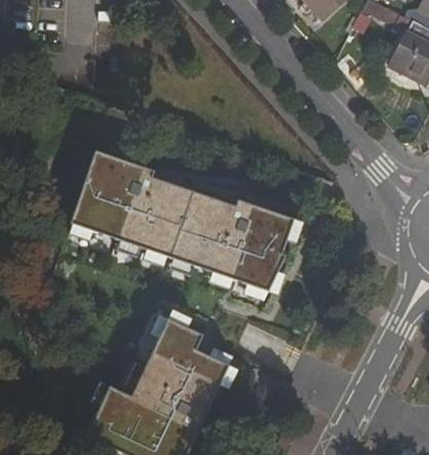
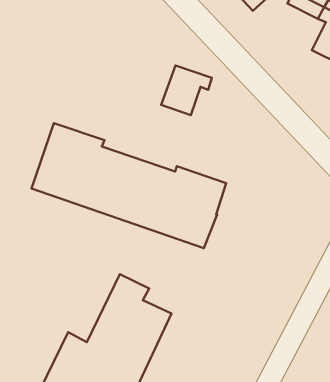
building: none -> [161,66,212,115]

